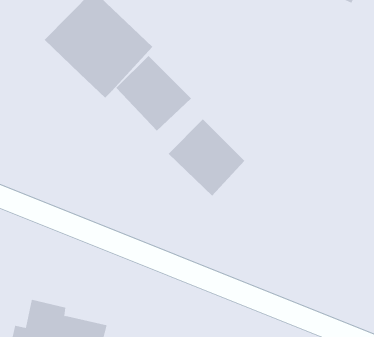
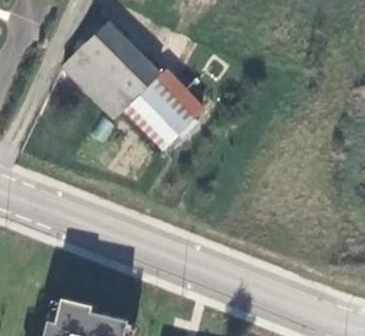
building: [168,119,245,196] -> none

